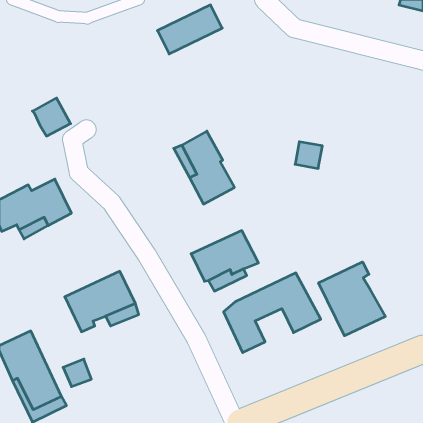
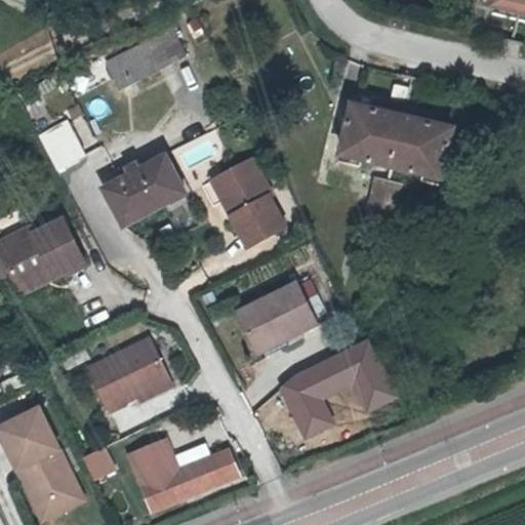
building: [157,5,222,54] -> [108,26,188,86]
building: none -> [345,102,453,177]
building: none -> [107,155,188,223]
building: [319,262,385,336] -> none
building: none -> [130,439,242,509]

